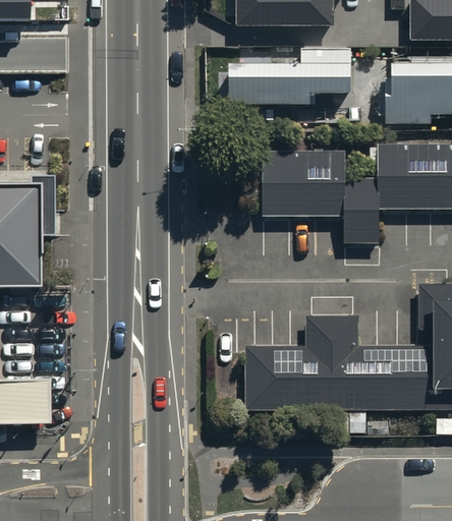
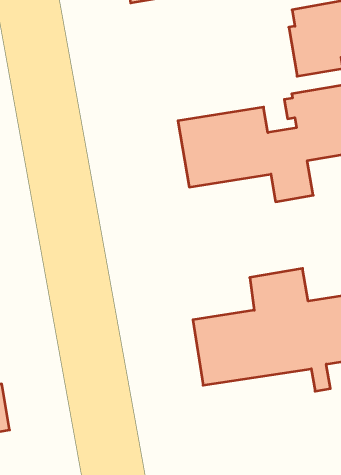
building: [229,51,350,104] -> none

